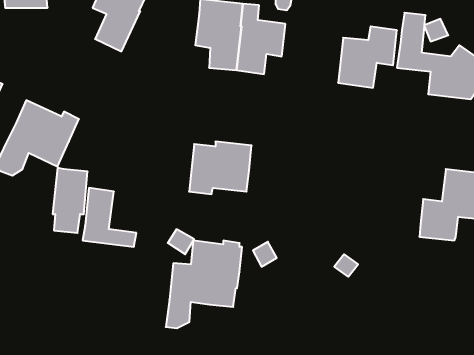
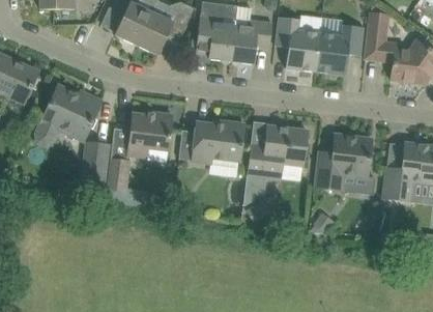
building: none -> [137,8,192,54]
building: none -> [275,17,320,70]
building: none -> [128,112,173,159]
building: none -> [315,134,374,194]
building: [166,241,242,328] -> [244,125,308,198]

